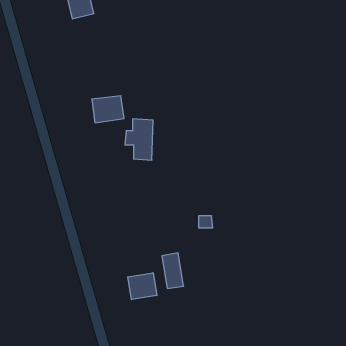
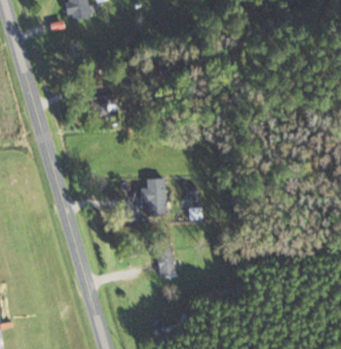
building: [125,119,153,160] -> [141,177,167,216]
building: [128,273,157,300] -> none

